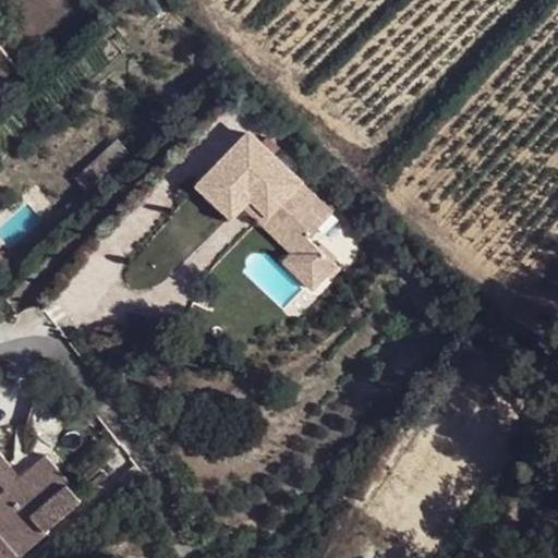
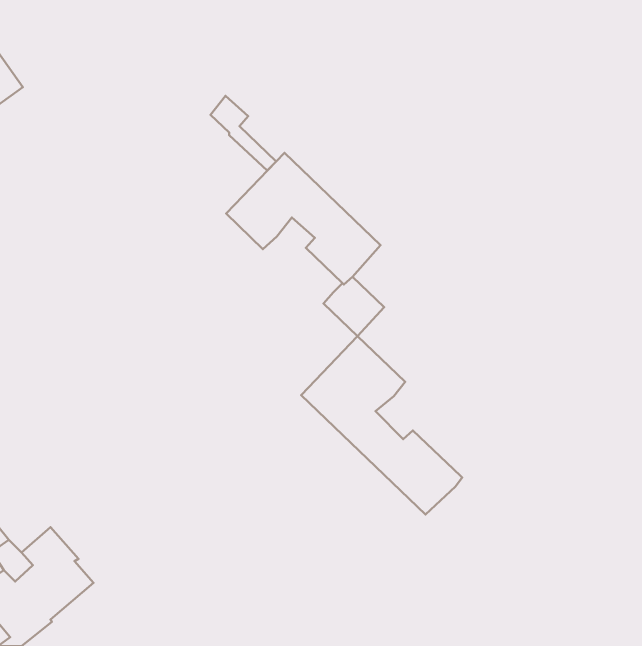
building: [239,187,295,252] -> [210,96,276,170]
building: none -> [301,336,462,514]

